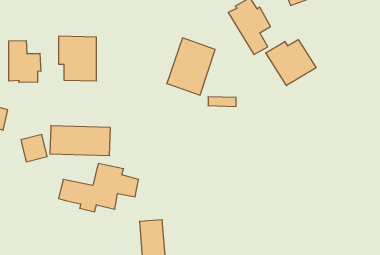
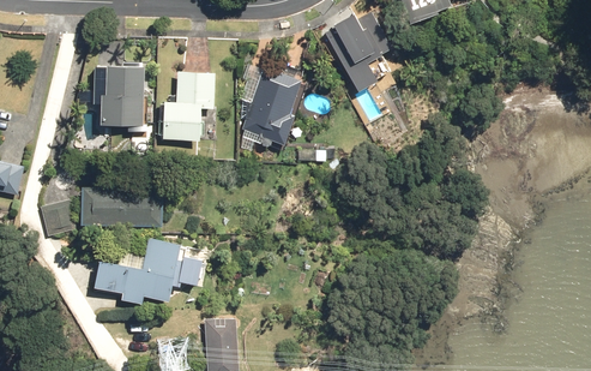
building: [266,40,316,86] -> none
building: [9,41,41,82] -> none
building: none -> [162,71,213,142]

